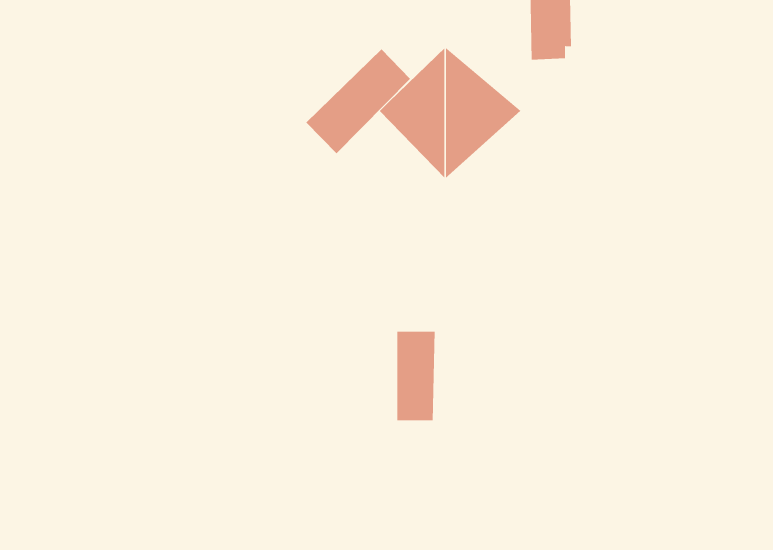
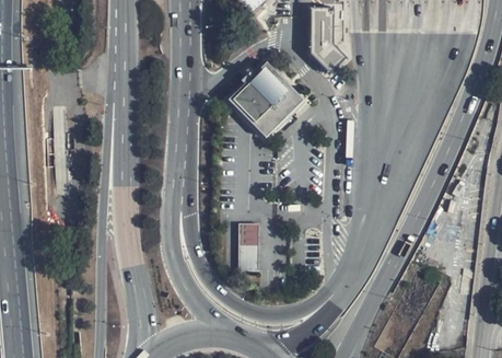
building: [306,49,411,154] -> none

